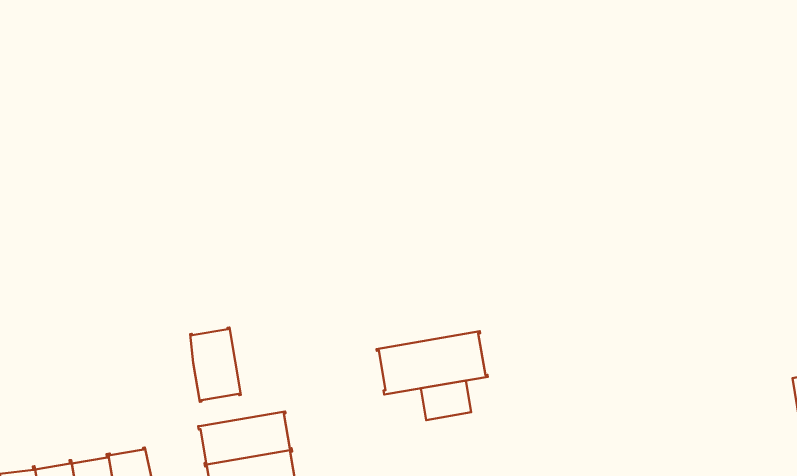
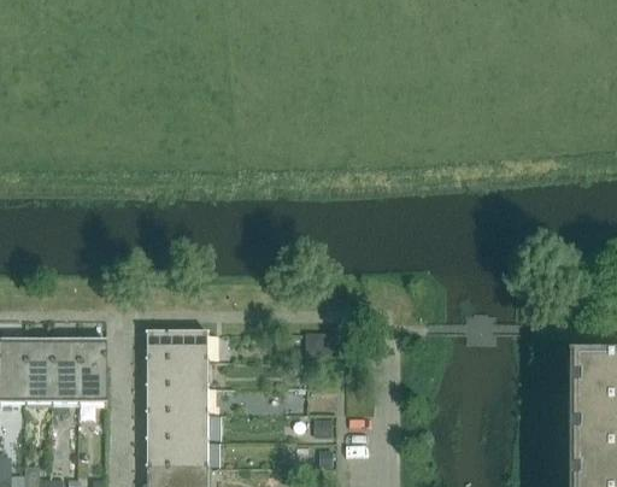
building: [190,327,241,402] -> none
building: [377,331,488,394] -> none

